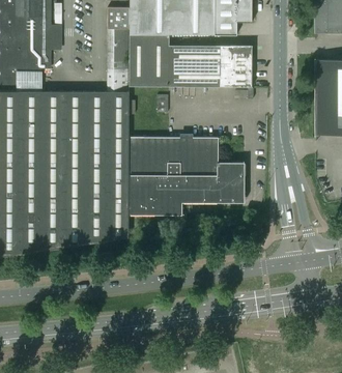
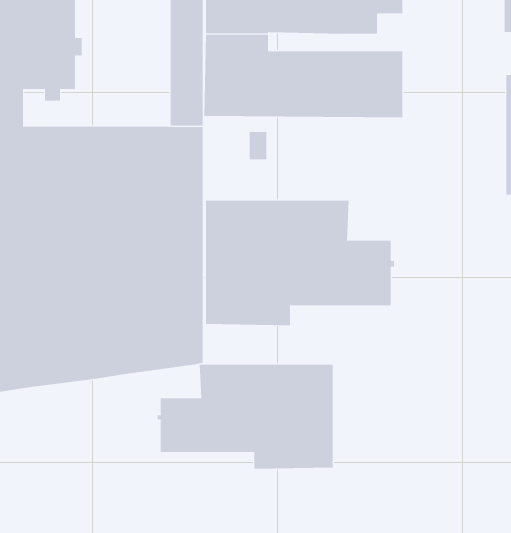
building: none -> [157,364,333,470]

